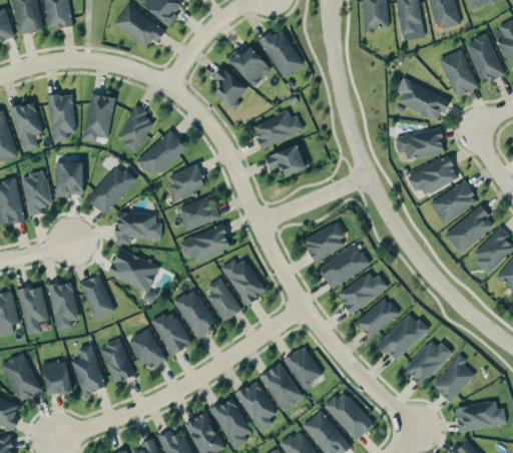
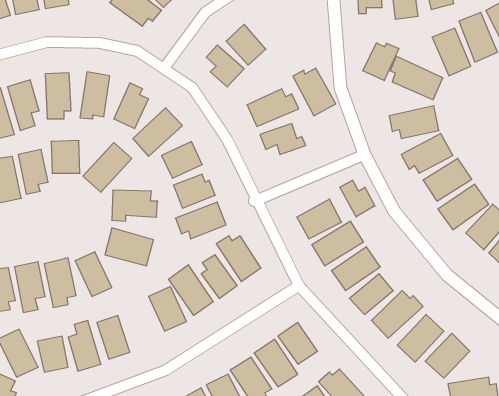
building: [260,30,303,78] -> [293,68,336,116]
building: none -> [363,43,399,81]
building: none -> [340,180,375,217]
building: [127,329,165,367] -> none

